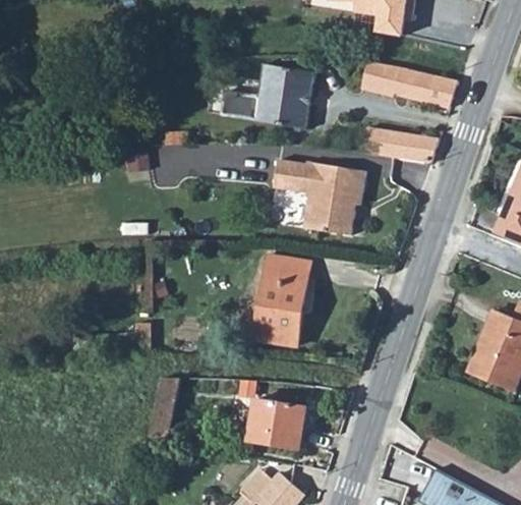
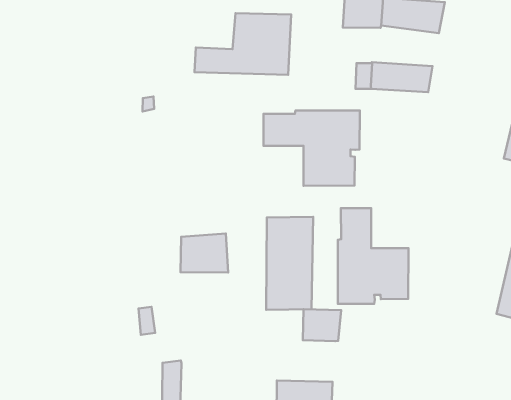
building: none -> [338,208,408,304]
building: none -> [180,233,228,273]
building: none -> [303,309,341,341]

